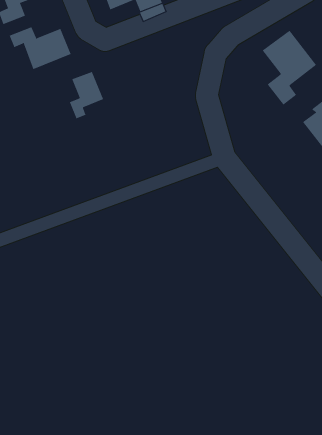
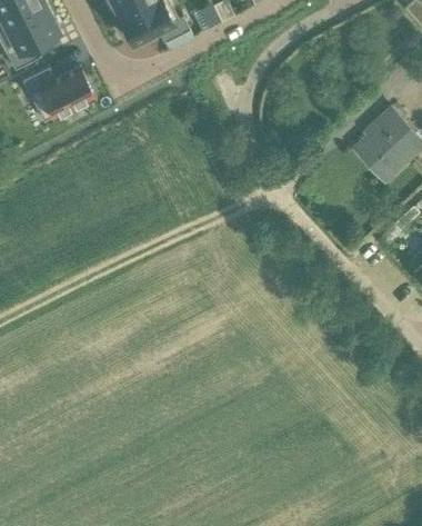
building: [262,30,317,106] -> none
building: [69,71,104,119] -> none

